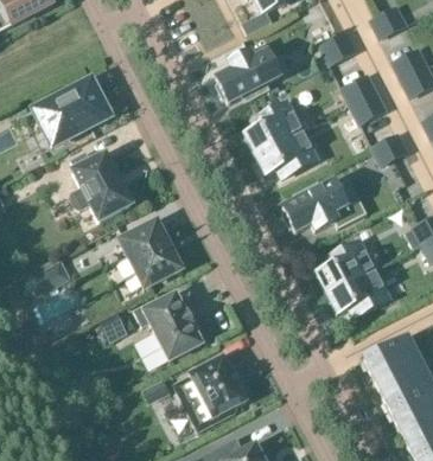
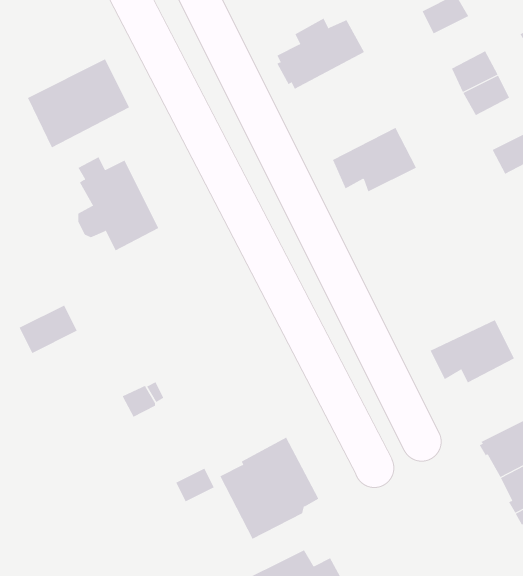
building: [246,101,303,153] -> none
building: [282,179,367,230] -> none
building: [121,218,182,286] -> none
building: [318,239,375,292] -> none
building: [134,292,202,359] -> none

